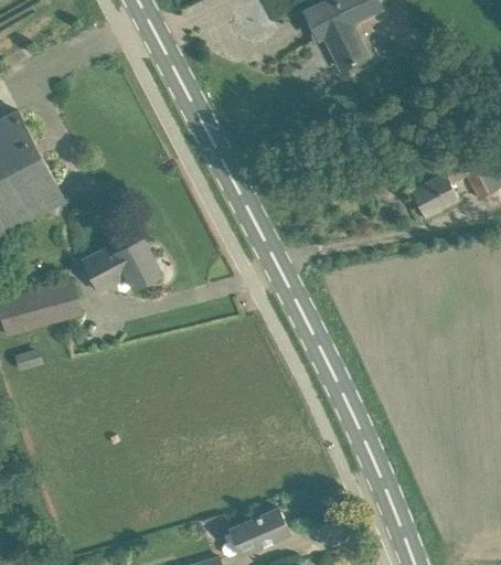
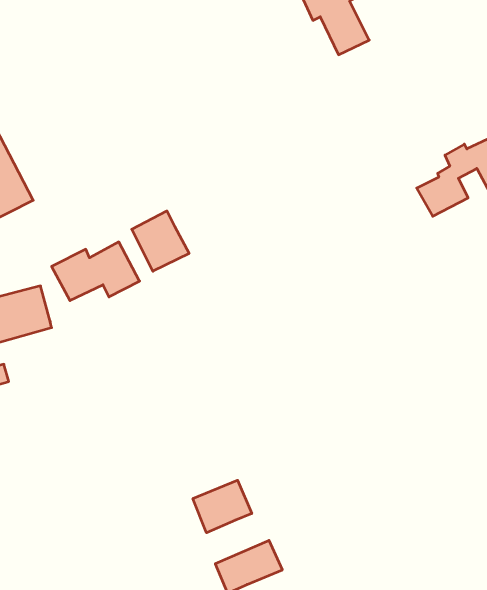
building: none -> [132,211,189,271]
building: none -> [193,480,252,533]

